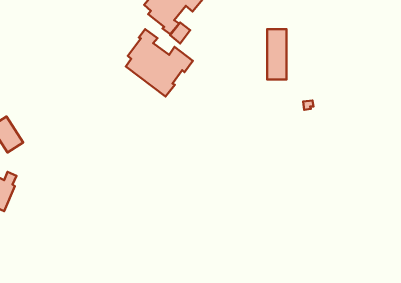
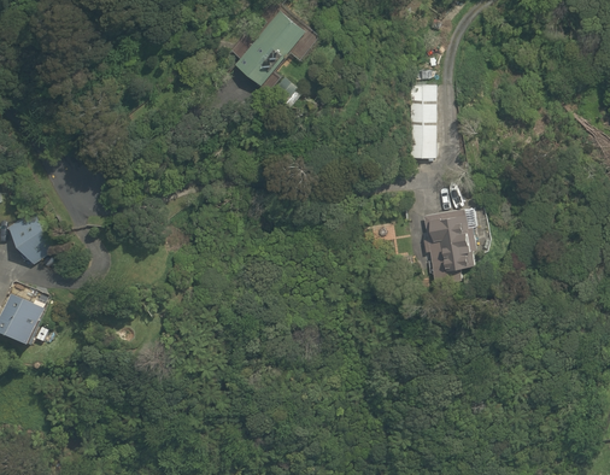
building: [126,29,193,96] -> none
building: none -> [422,209,476,283]

